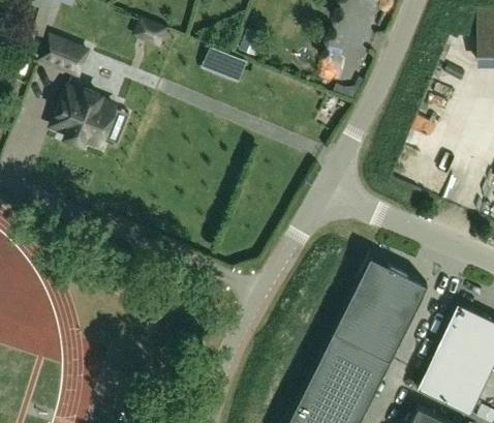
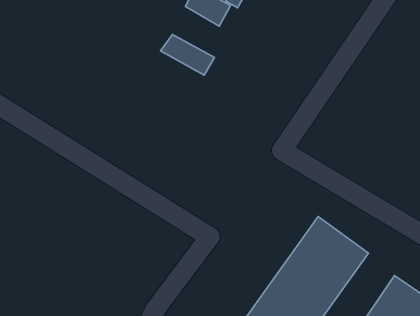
building: [53,89,116,147] -> none
building: none -> [161,35,214,75]

